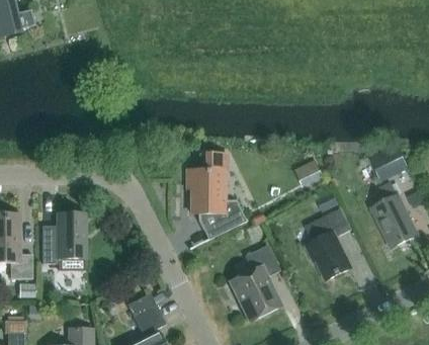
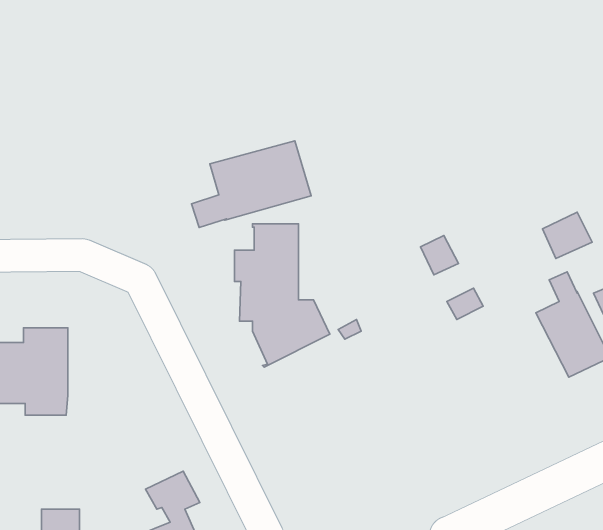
building: none -> [191,141,311,228]
building: [306,207,352,280] -> none
building: [229,245,281,320] -> none

